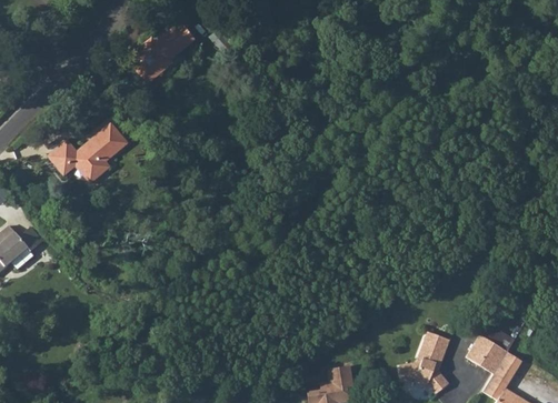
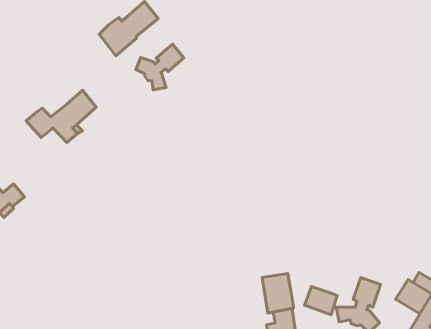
building: none -> [136,44,184,90]
building: none -> [262,274,294,313]
building: none -> [305,286,337,315]

